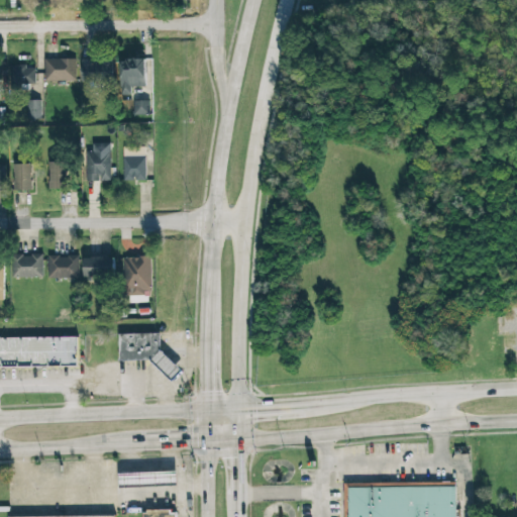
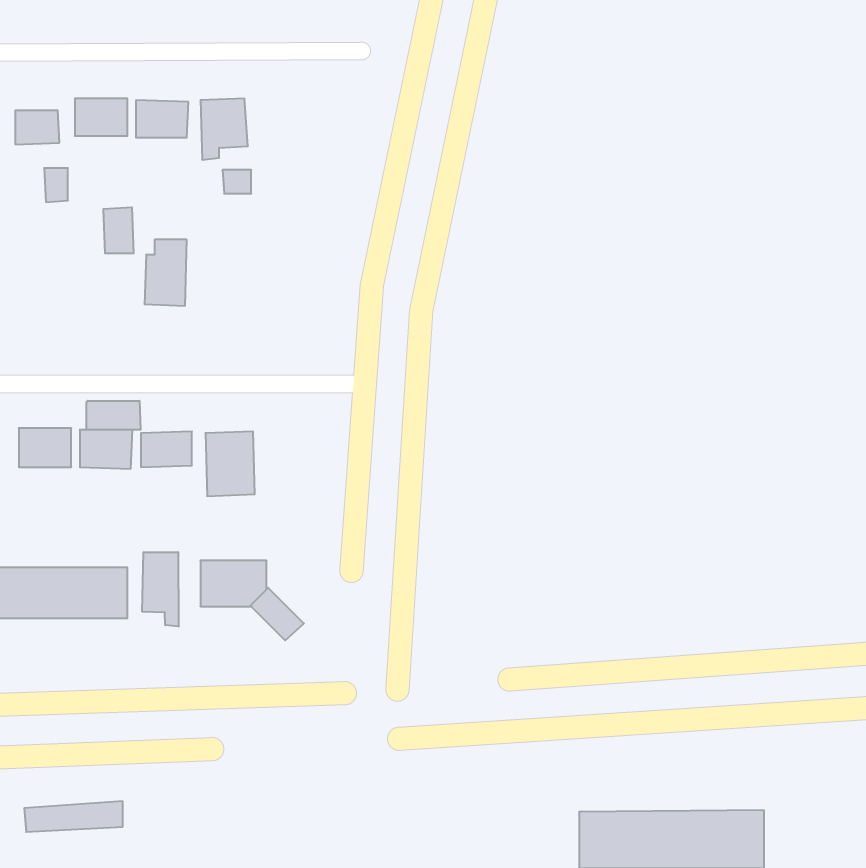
building: [122,146,145,181] -> none
building: [48,162,67,189] -> [103,207,134,253]
building: [14,164,32,190] -> none
building: none -> [86,401,141,430]
building: none -> [142,552,179,627]
building: [118,470,177,488] -> [24,801,123,832]

